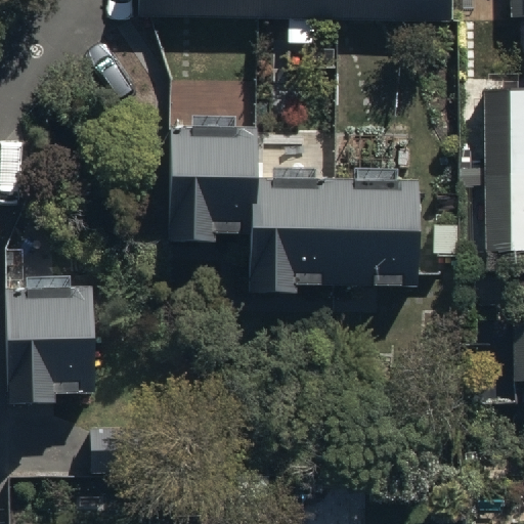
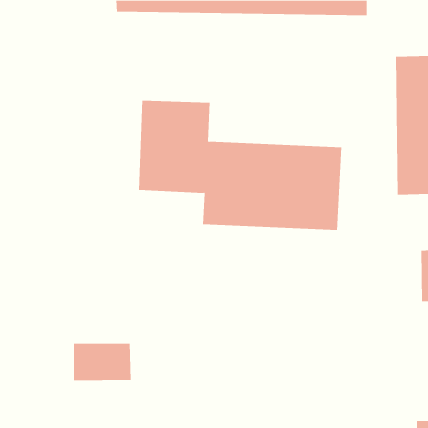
building: [7,286,96,393] -> none

